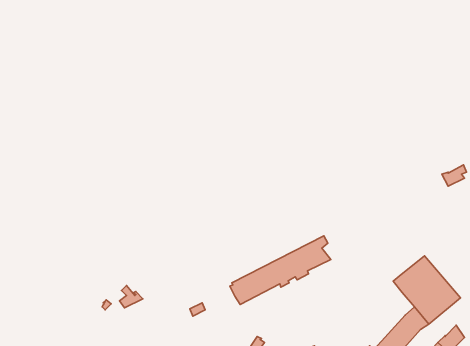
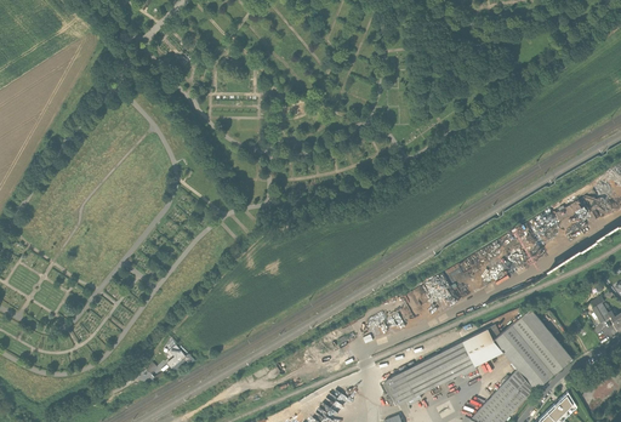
building: [230,236,331,304] -> [383,325,503,406]

